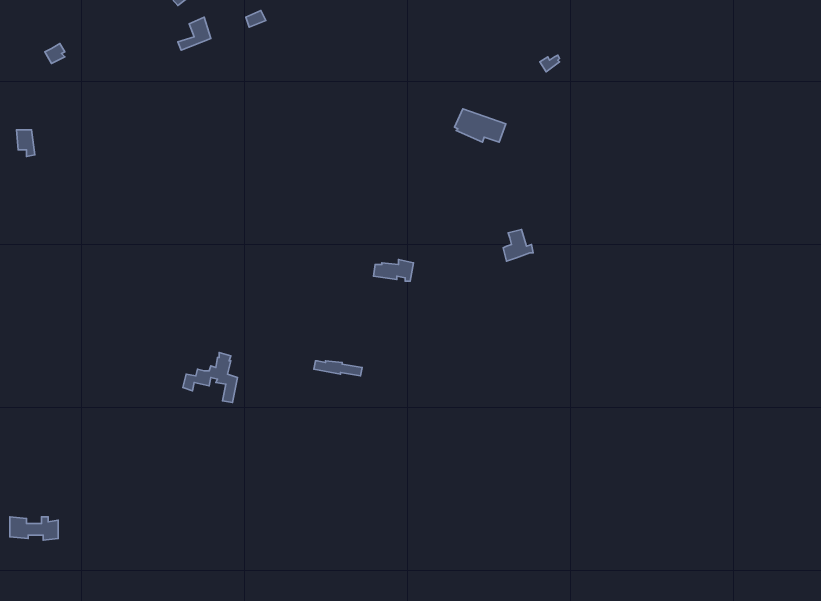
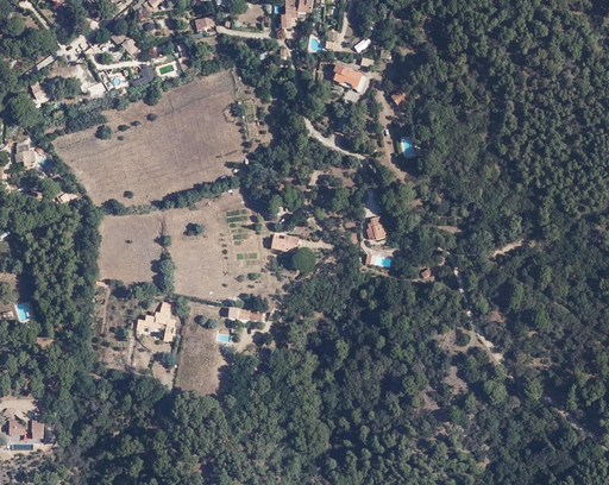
building: [454,109,506,142] -> [329,65,366,89]

